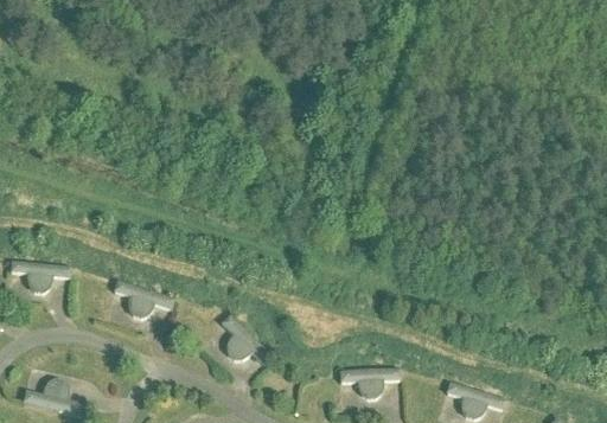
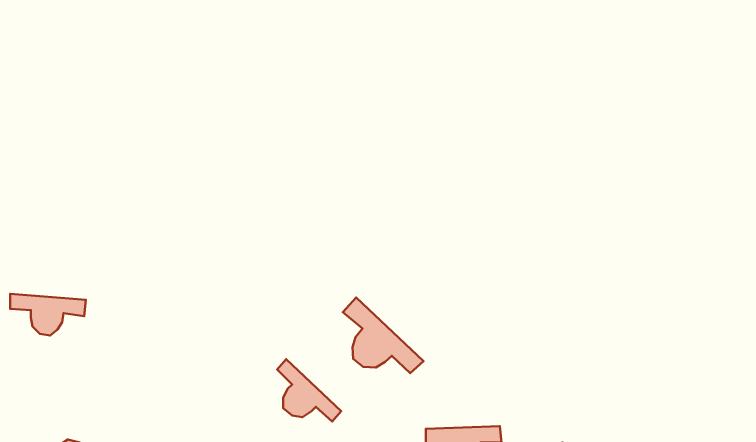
building: none -> [343,297,424,373]
building: [114,278,175,318] -> none

